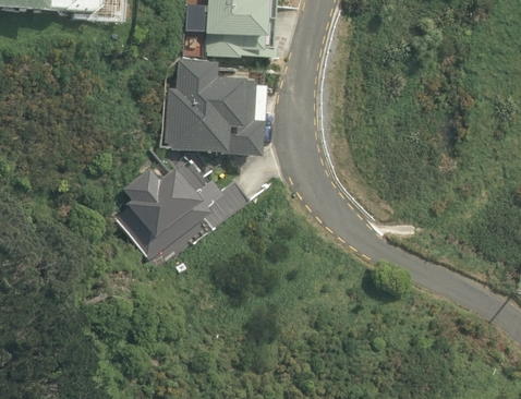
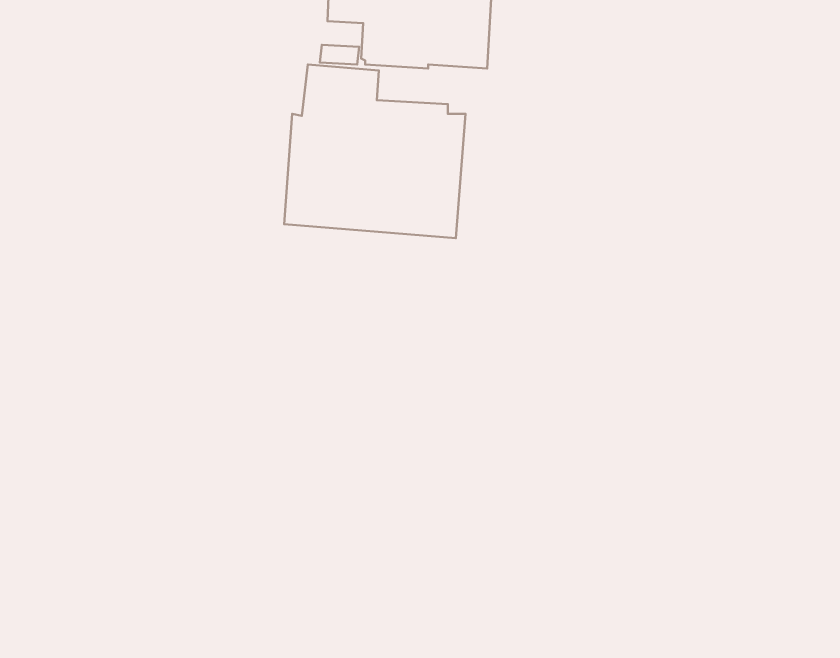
building: [114,168,251,261] -> none

